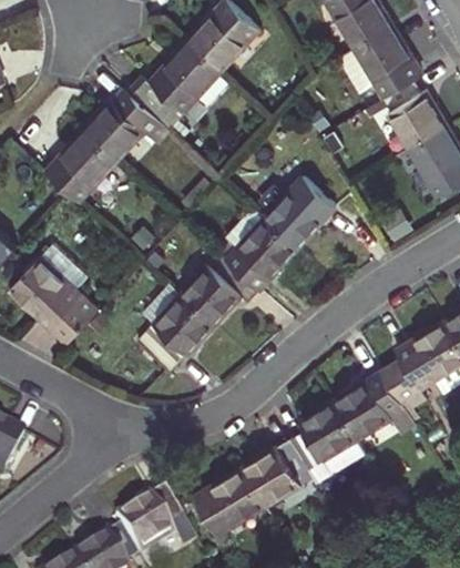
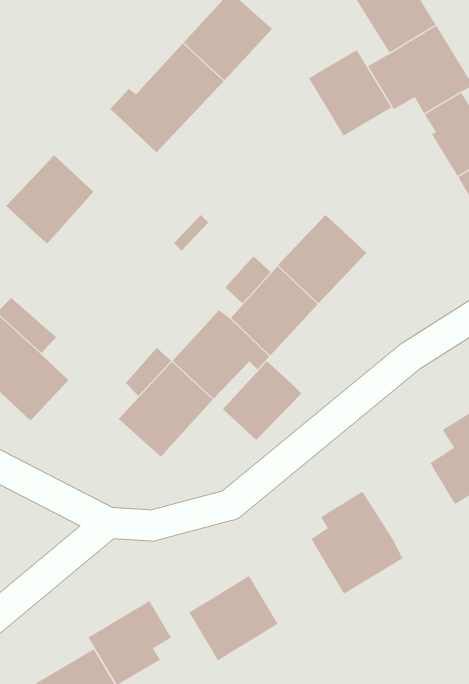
building: none -> [308,49,392,137]
building: [85,91,167,160] -> none
building: none -> [222,360,302,441]
building: [333,377,402,438] -> none
building: [242,438,314,506] -> none

